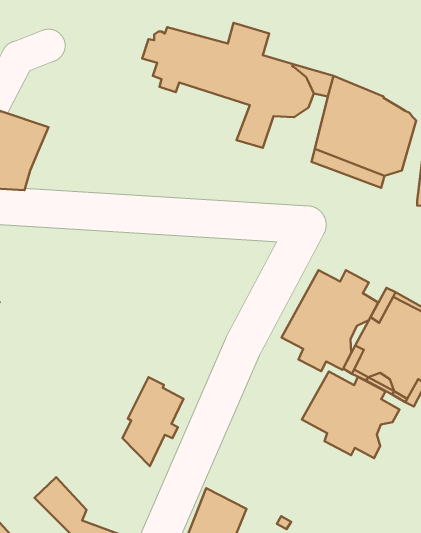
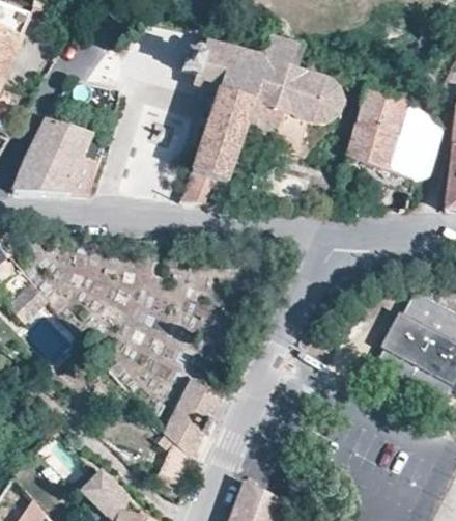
building: none -> [181,90,285,200]
building: [282,270,378,371] -> none
building: [302,371,399,458] -> none

